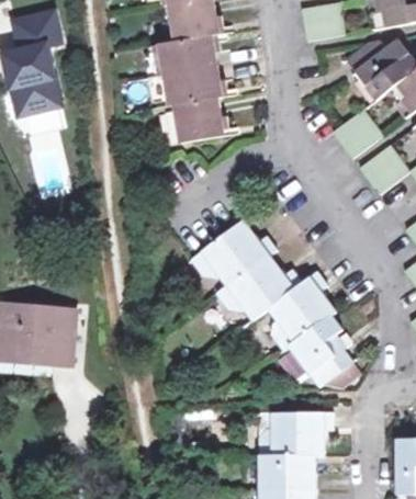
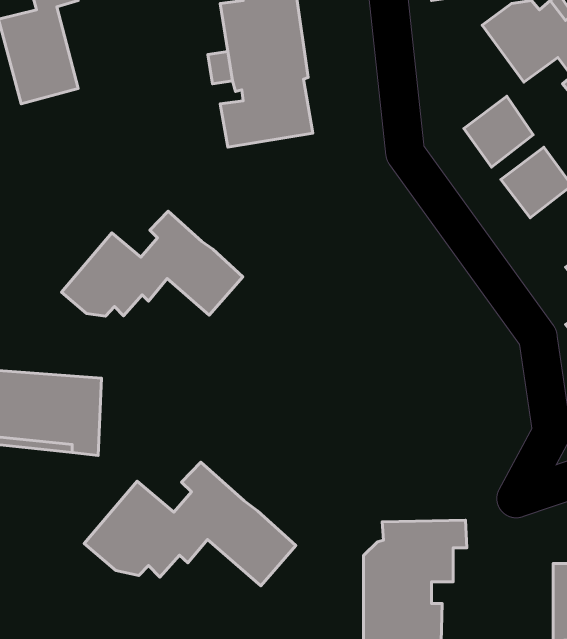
building: none -> [61,211,243,316]
building: [190,222,349,385] -> none
building: none -> [84,462,296,586]

